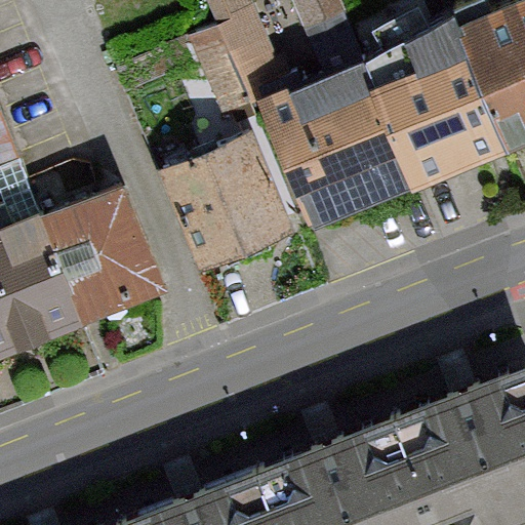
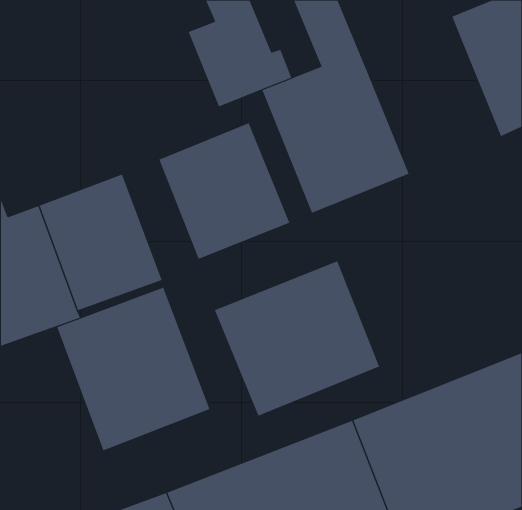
building: [371,32,502,187] -> none
building: none -> [214,260,380,417]
building: none -> [57,287,210,451]

